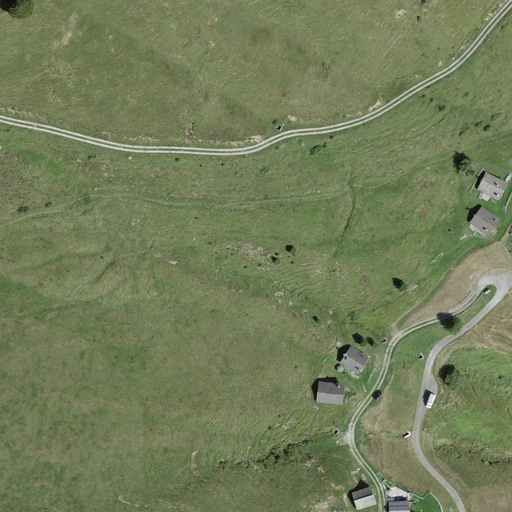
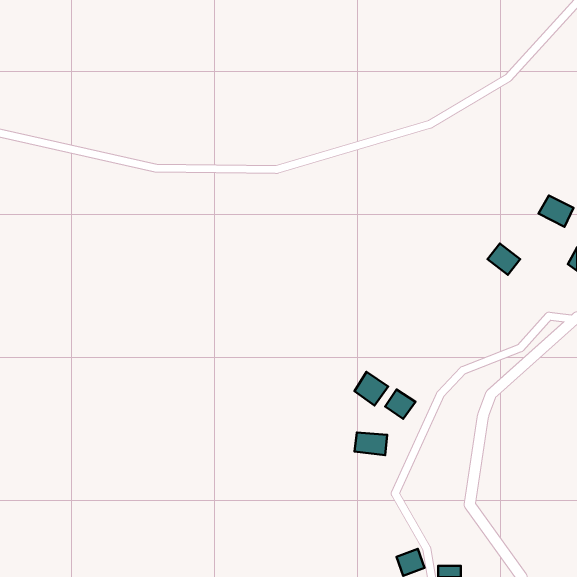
building: [471,208,500,236] -> [487,243,520,275]
building: none -> [354,372,388,405]

